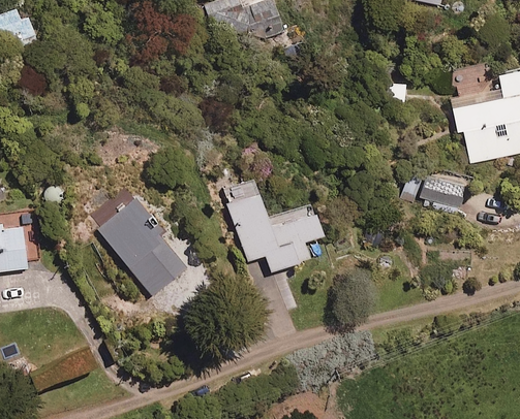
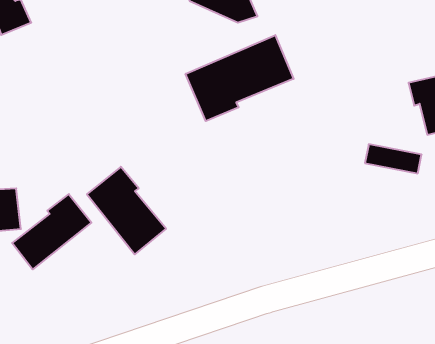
building: none -> [186,35,294,121]
building: [220,179,320,271] -> none
building: none -> [12,194,91,269]

